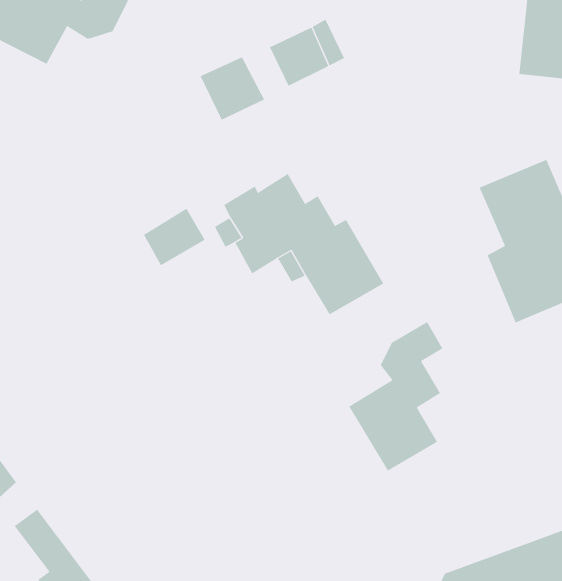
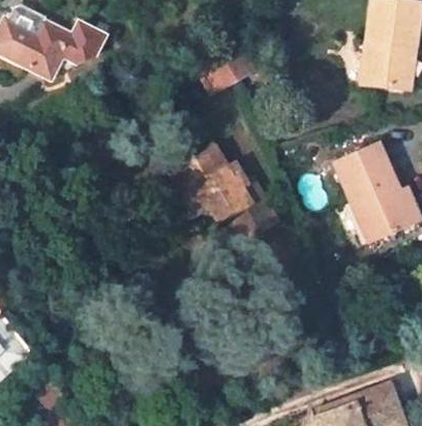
building: [200,56,265,121] -> none
building: [143,208,205,266] -> none
building: [349,321,443,471] -> none

